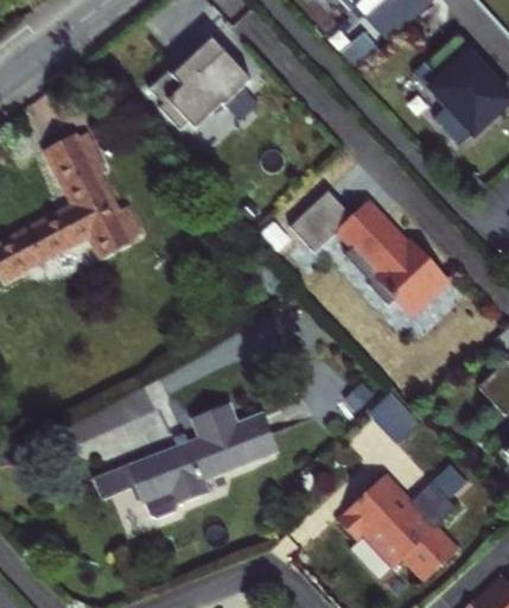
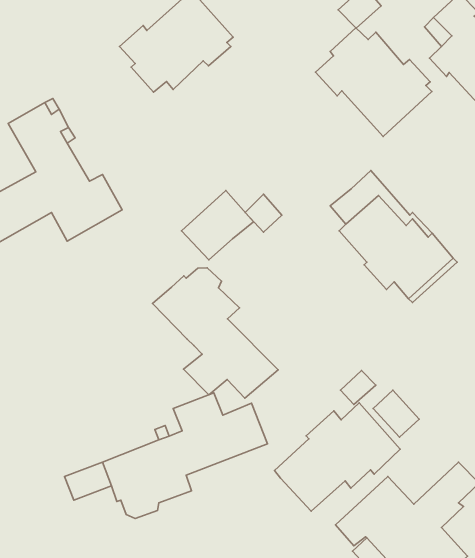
building: none -> [315,28,432,137]
building: [288,188,354,251] -> [181,190,253,260]
building: none -> [152,268,278,398]
building: none -> [275,403,400,511]

